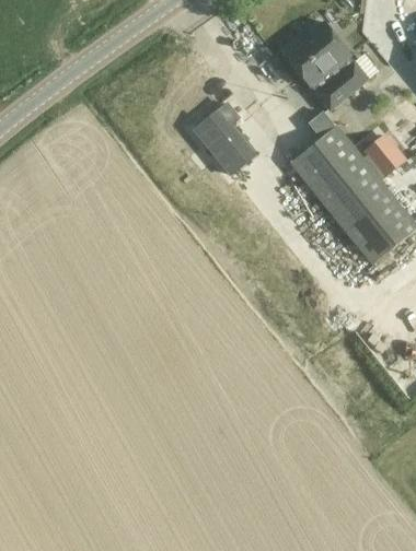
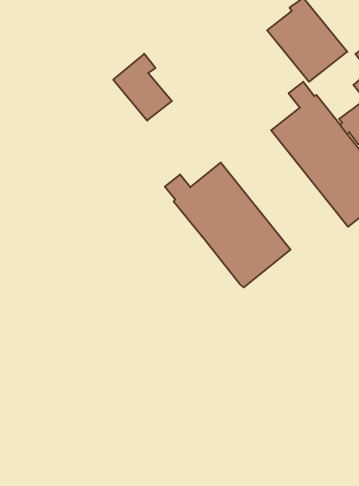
building: [194,102,256,173] -> [113,54,172,121]
building: none -> [165,163,290,287]

